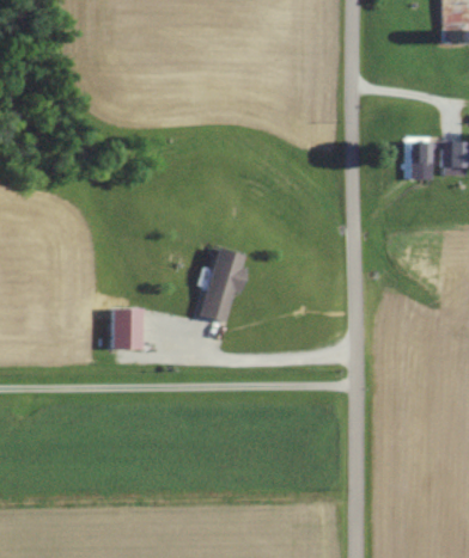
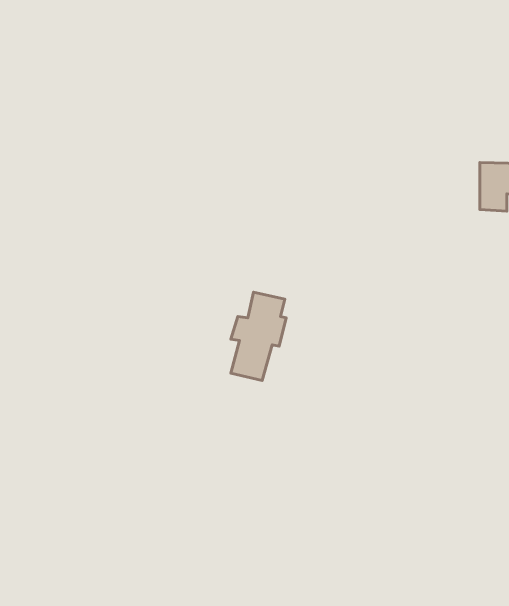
building: [109,308,140,349] -> none

